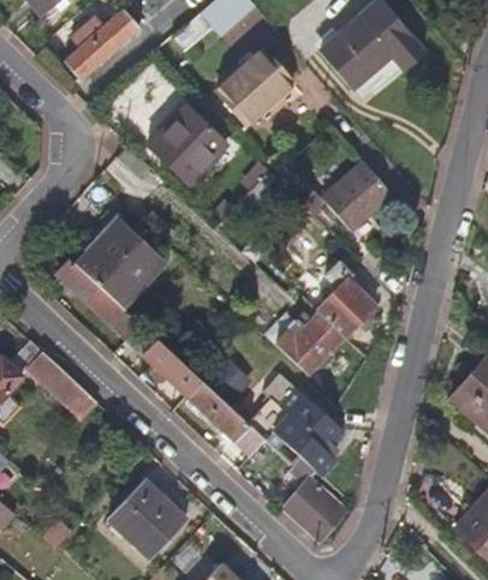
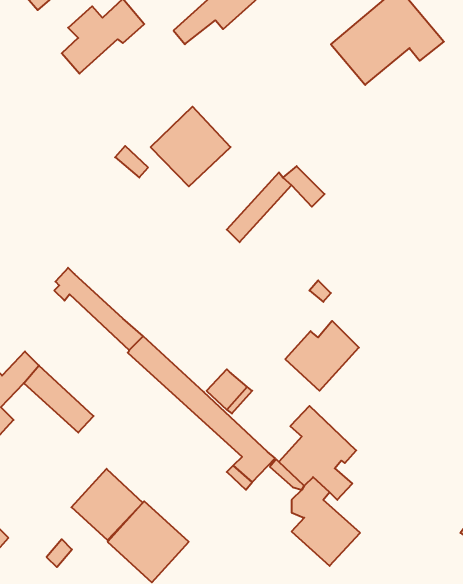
building: [218,42,297,120] -> none
building: [321,162,392,232] -> none
building: [77,222,163,310] -> none
building: [321,267,375,337] -> none
building: none -> [71,469,143,540]

